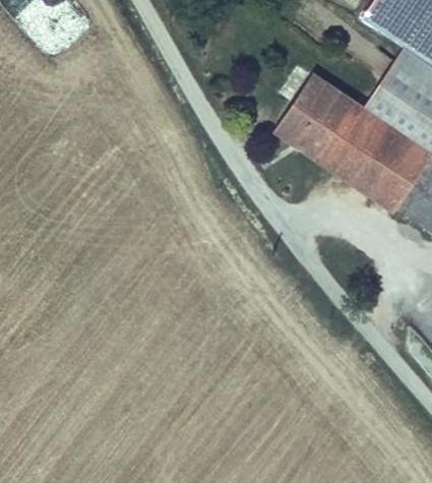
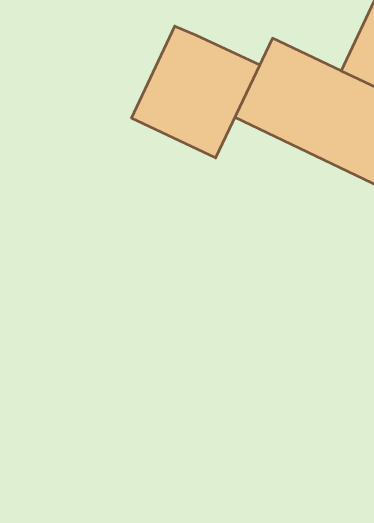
building: none -> [132,26,260,158]

